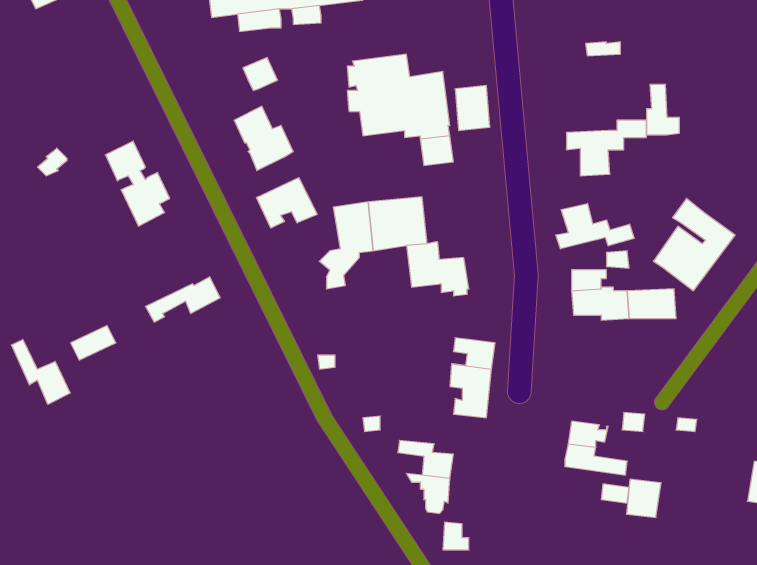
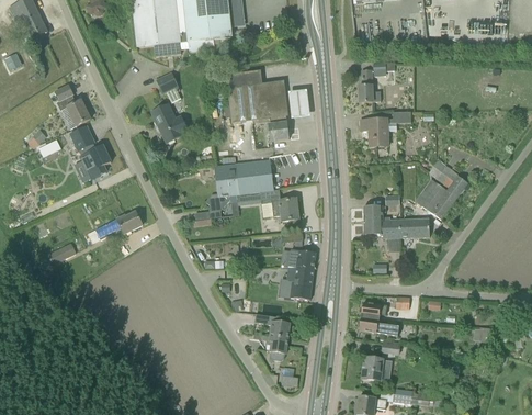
building: none -> [55,86,90,125]
building: [646,84,679,135] -> [359,70,380,102]
building: [257,178,317,228] -> none
building: [556,203,634,249] -> none
building: [12,339,70,404] -> none
building: [626,479,661,518] -> [361,357,383,381]

